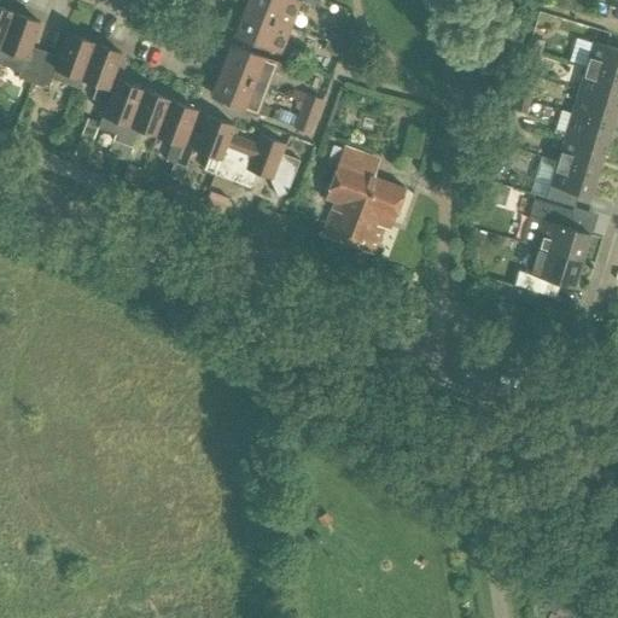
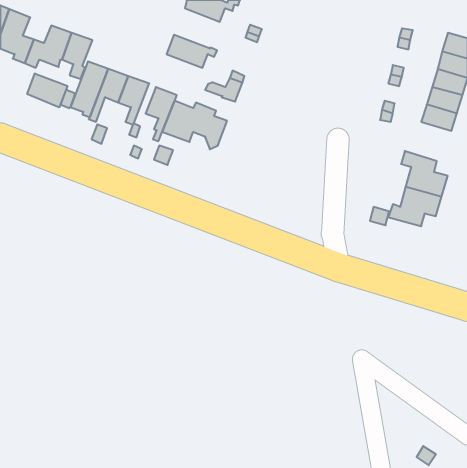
building: [235,11,295,57] -> none
building: [211,71,270,117] -> none
building: none -> [27,73,67,107]
building: [325,145,406,255] -> none
building: [546,161,596,206] -> none

